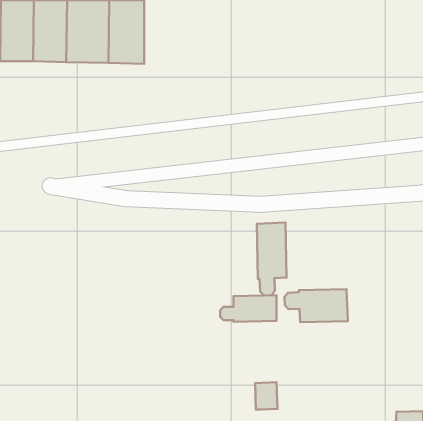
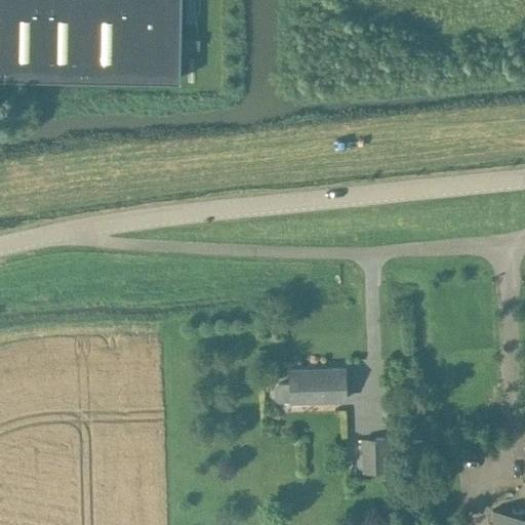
building: [257,223,287,296] -> none
building: [284,289,348,322] -> none
building: [255,382,277,410] -> [361,440,389,474]

